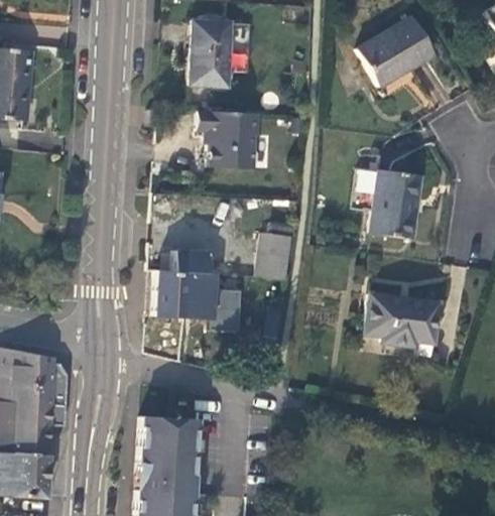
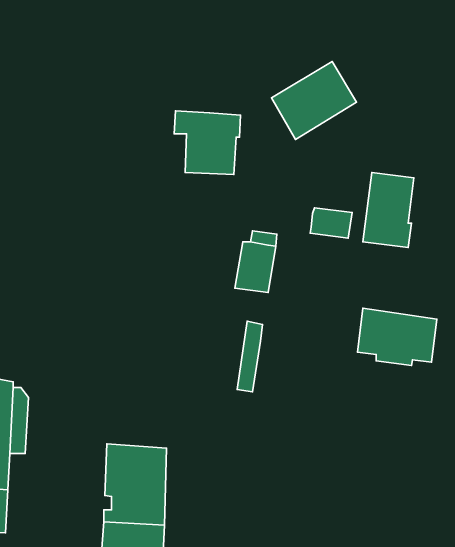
building: [356,15,434,87] -> [271,61,356,140]
building: [188,21,230,88] -> none
building: none -> [310,208,352,238]
building: [154,251,226,319] -> none

